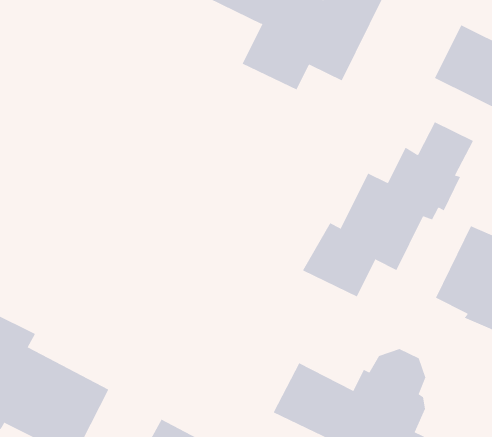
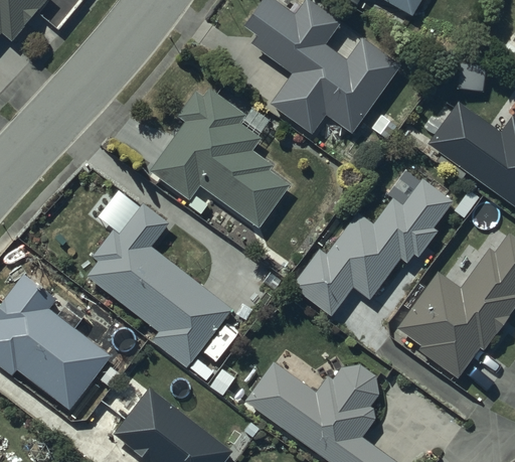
building: none -> [150,90,288,226]
building: none -> [85,203,230,366]

